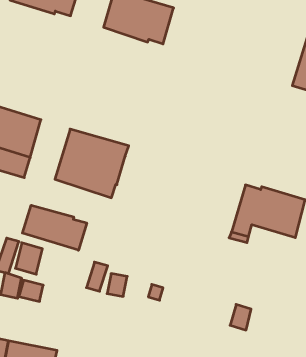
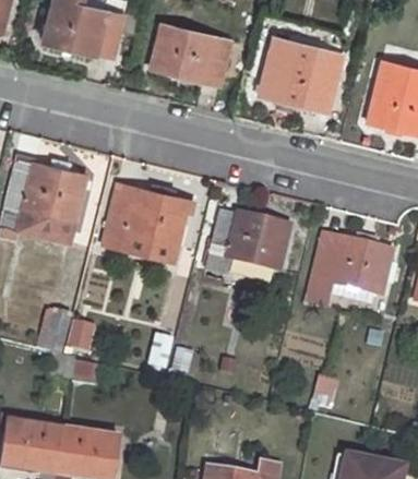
building: none -> [259,51,342,109]
building: none -> [204,212,288,275]
building: [22,205,87,250] -> none

